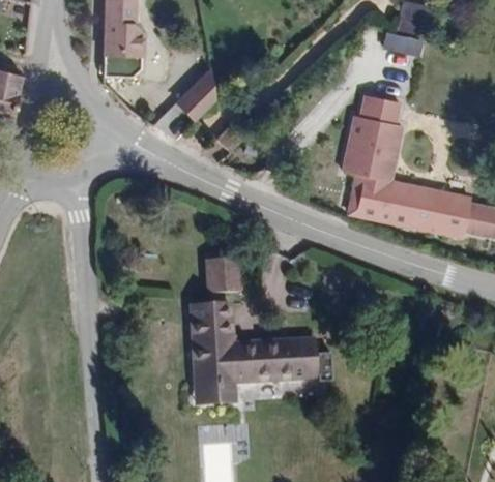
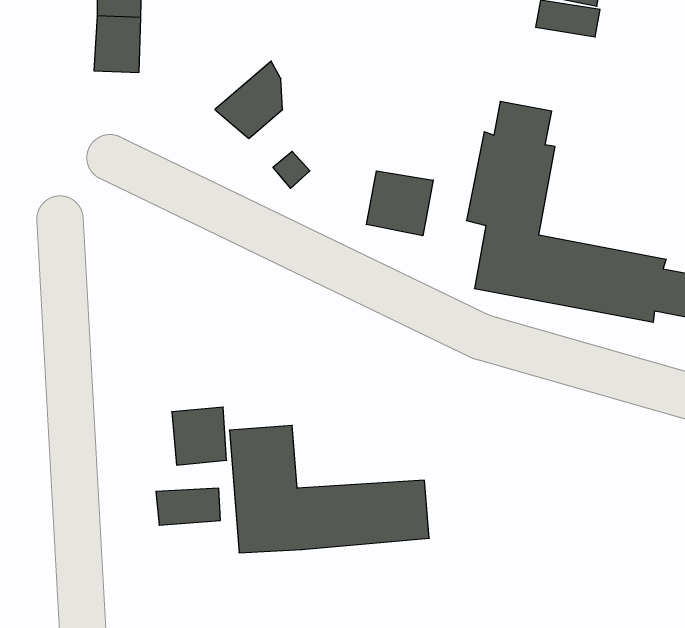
building: none -> [366,171,433,236]
building: [207,255,242,293] -> [172,407,227,465]
building: [197,383,238,406] -> [156,488,220,525]

